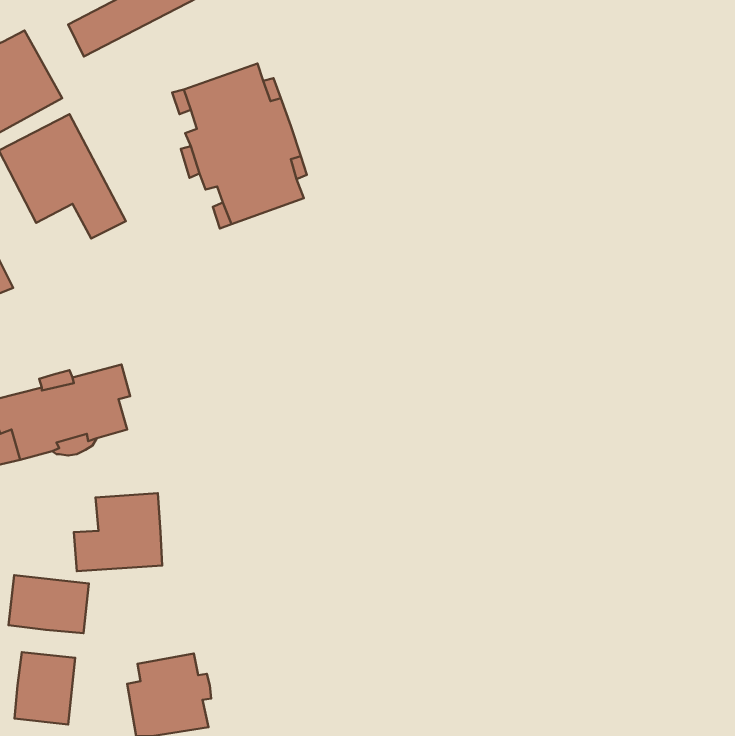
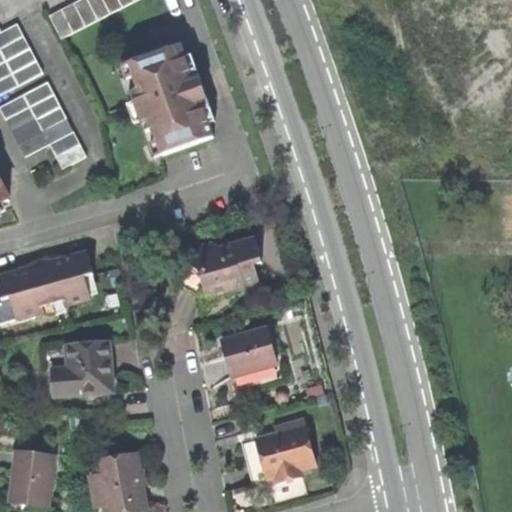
building: none -> [179,236,261,298]
building: none -> [221,326,277,375]
building: [9,575,89,633] -> none
building: none -> [241,426,317,483]

